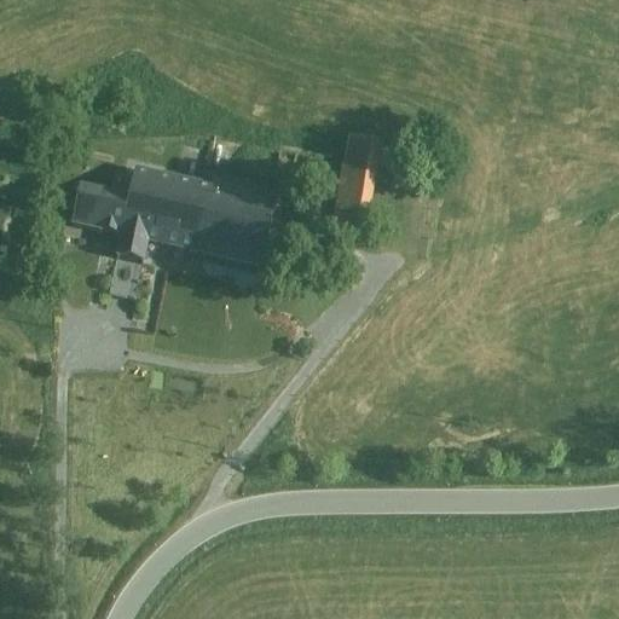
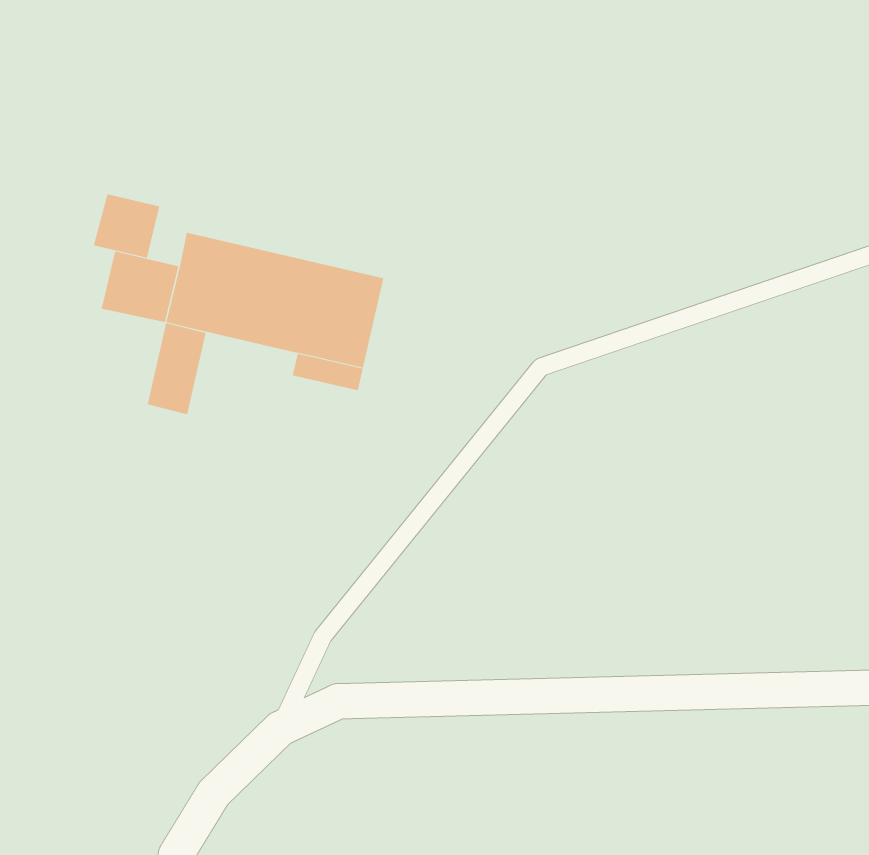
building: [340,129,383,198] -> none
building: none -> [93,194,160,259]

